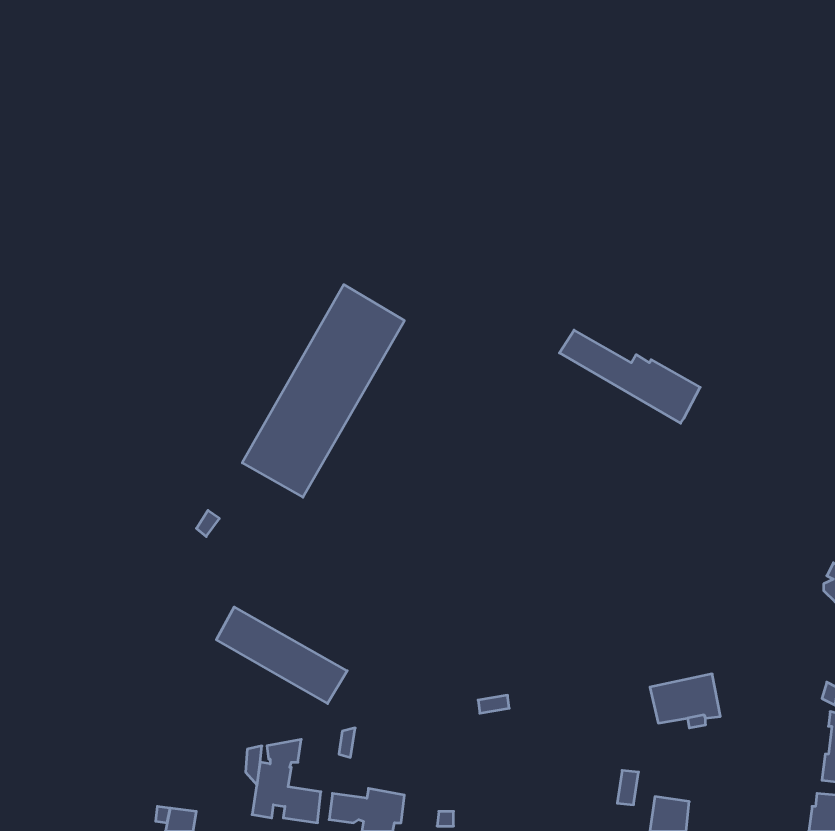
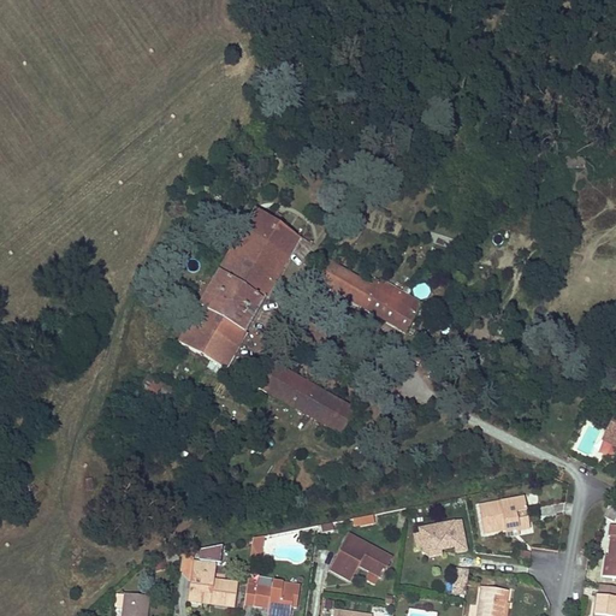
building: [559,330,700,423] -> [319,256,422,325]
building: [216,607,347,704] -> [257,361,354,432]
building: none -> [421,519,466,550]
building: none -> [328,533,392,580]

